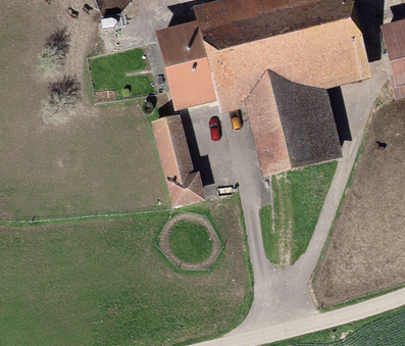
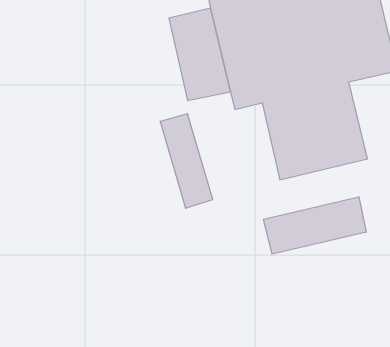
building: none -> [264,197,366,254]

